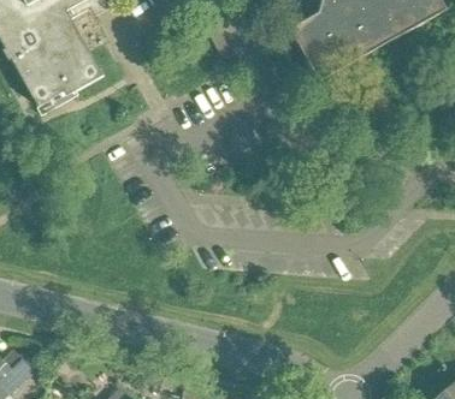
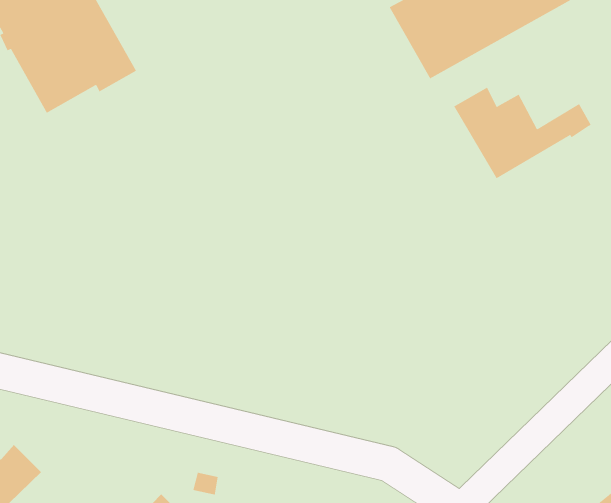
building: none -> [454,87,592,179]

